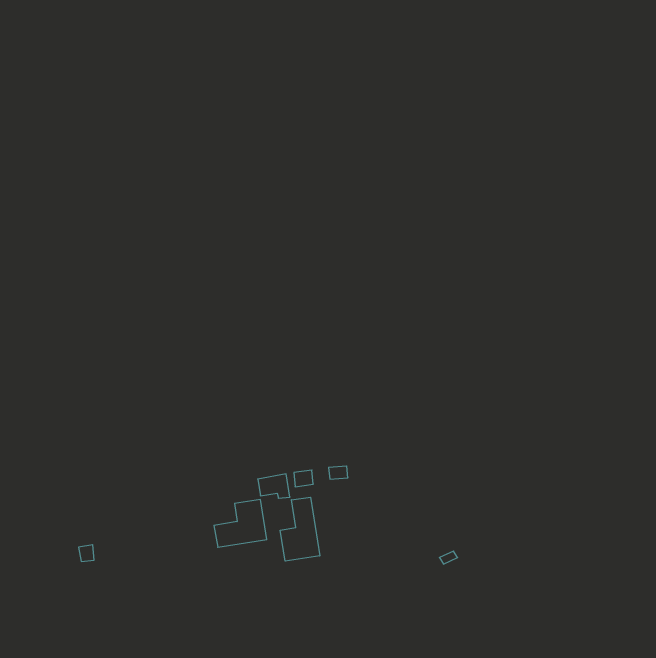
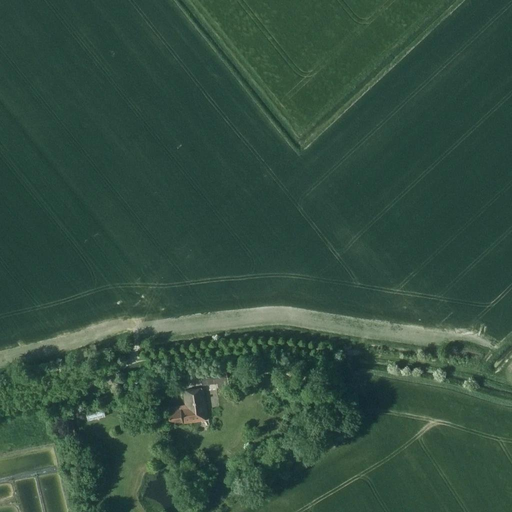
building: [280,497,320,561] -> none

